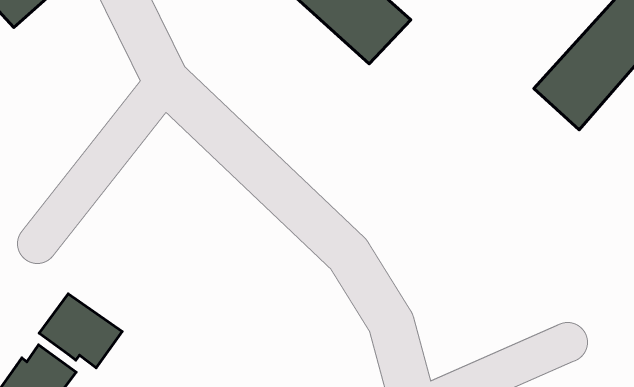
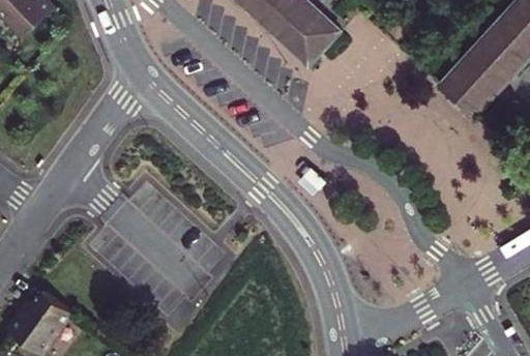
building: [39,294,122,368] -> none

